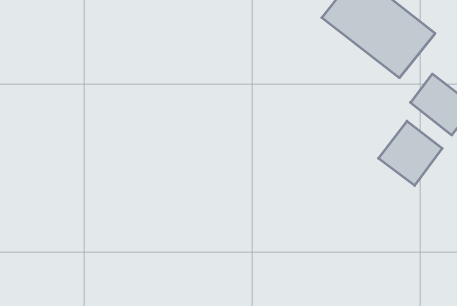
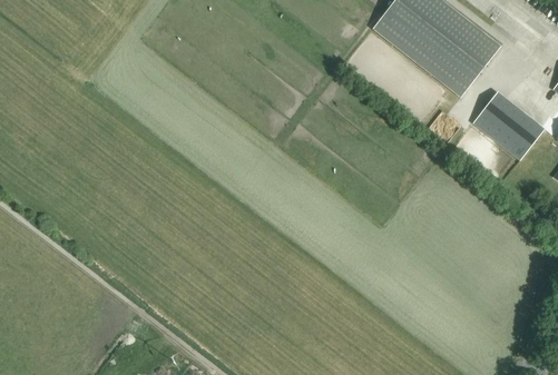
building: [378,121,442,186] -> none

